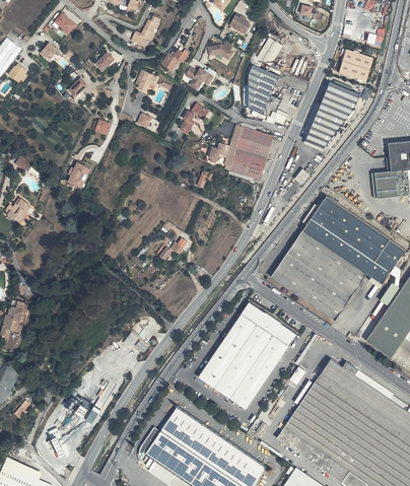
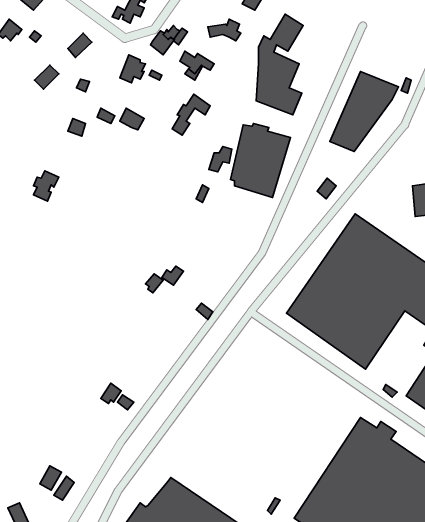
building: [339,50,372,82] -> none
building: [199,302,297,410] -> none

